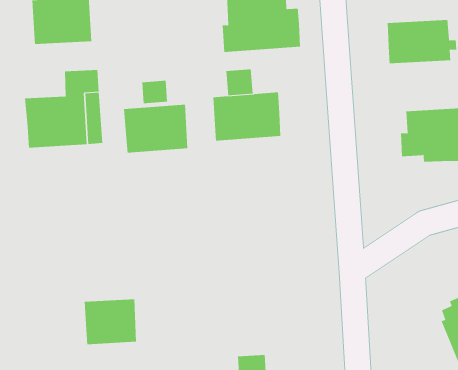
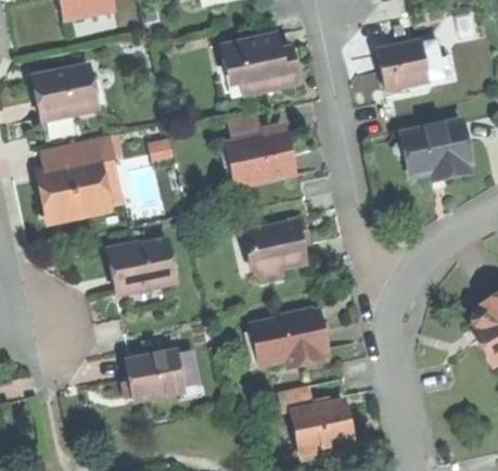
building: [123,104,188,153] -> [107,238,176,293]
building: none -> [247,213,309,283]
building: none -> [258,308,328,367]

